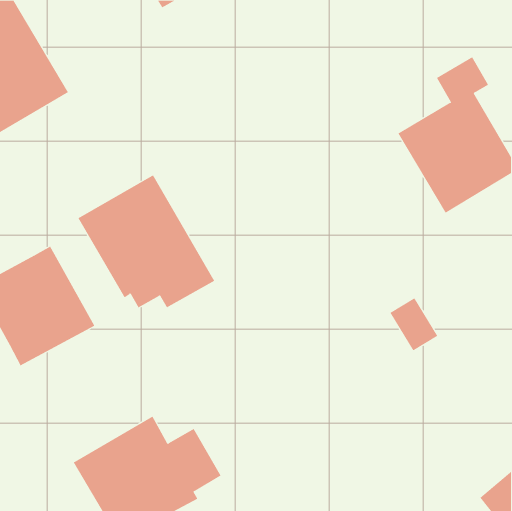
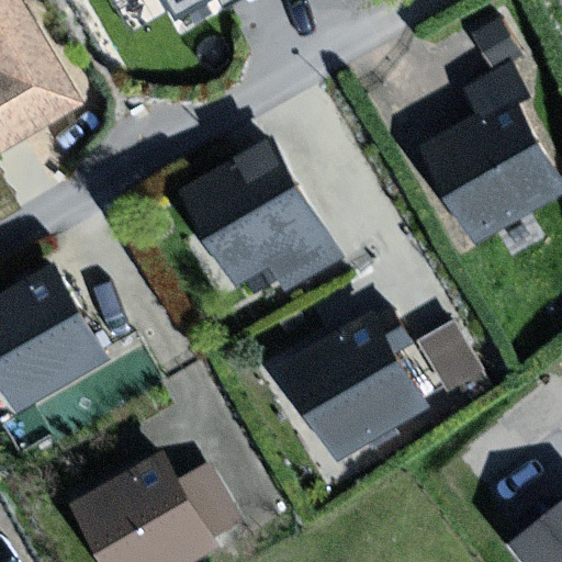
building: [77,175,215,308] -> [189,146,338,291]
building: none -> [290,319,425,458]

